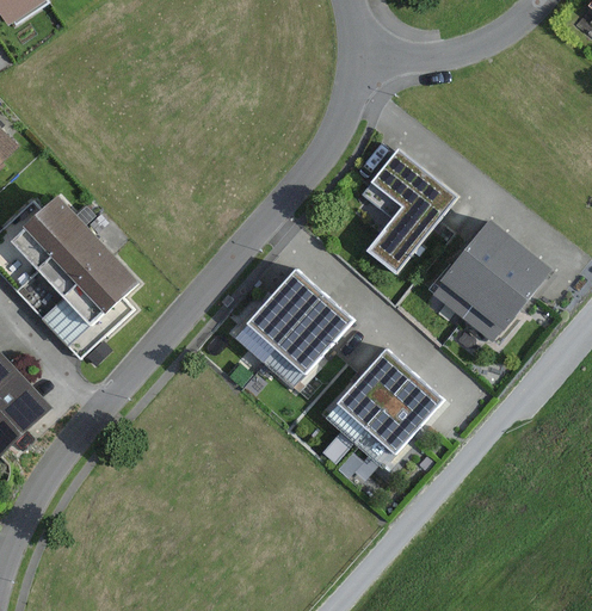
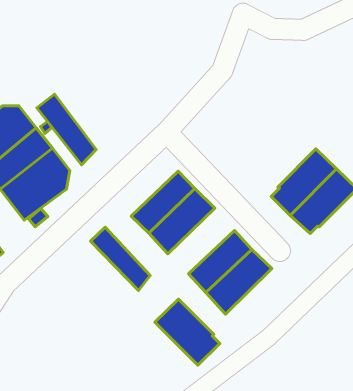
building: [359,146,458,274] -> none
building: none -> [37,94,96,165]
building: none -> [90,227,150,291]
building: none -> [155,299,220,365]

